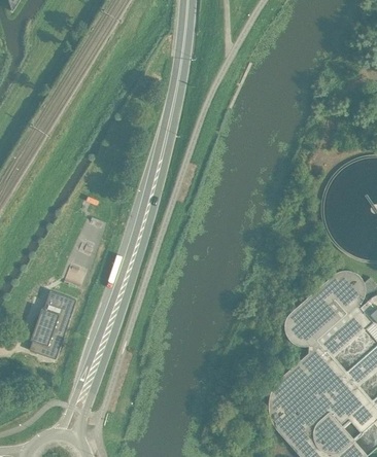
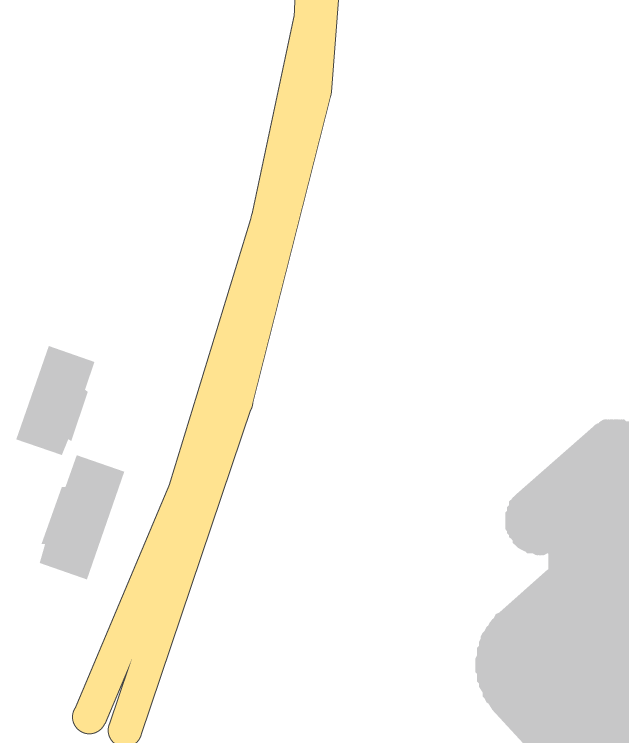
building: none -> [16,345,95,456]

